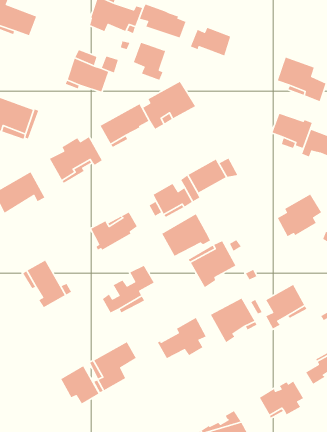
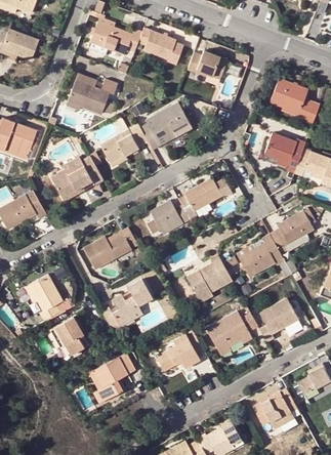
building: [133,42,166,81] -> none
building: [161,213,211,257] -> [237,235,285,277]
building: [60,365,99,404] -> [50,317,88,355]

